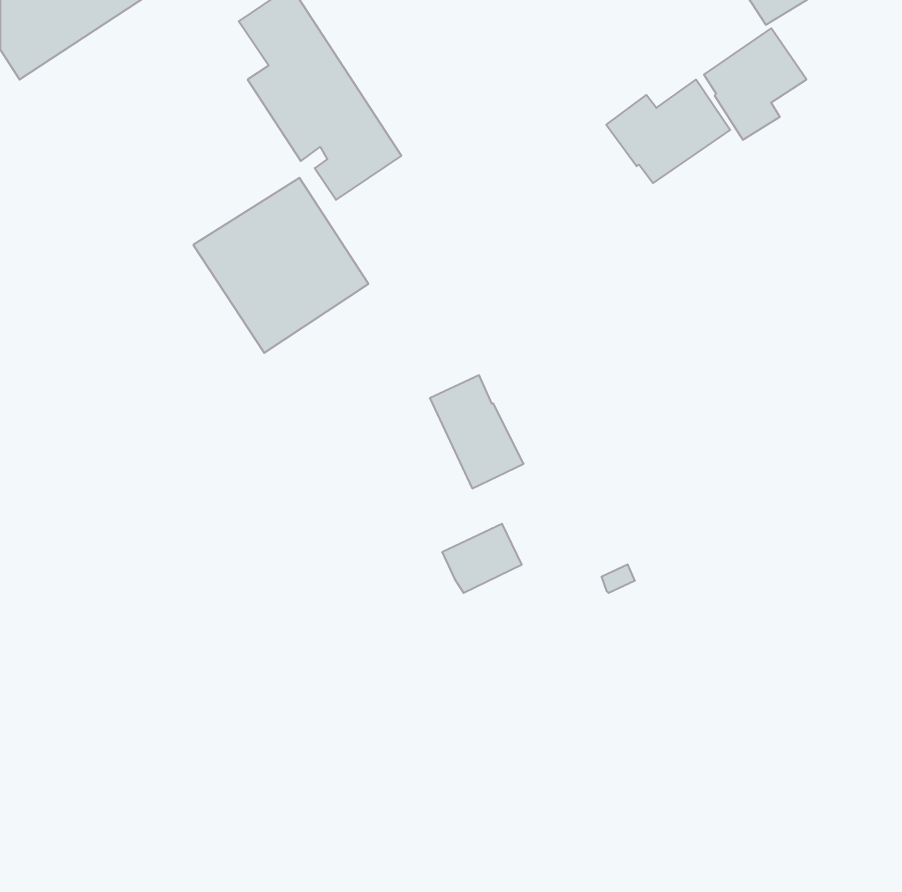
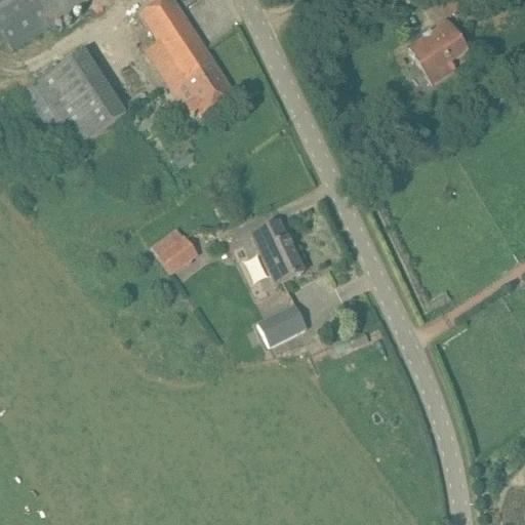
building: [606,80,730,183] -> none
building: [193,178,368,353] -> [25,48,126,150]
building: none -> [158,233,200,272]

